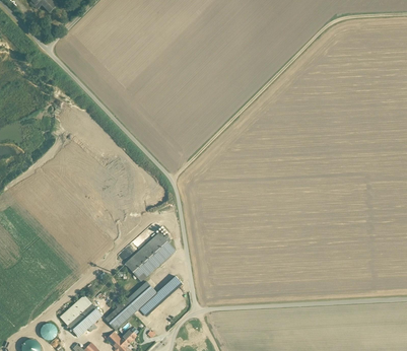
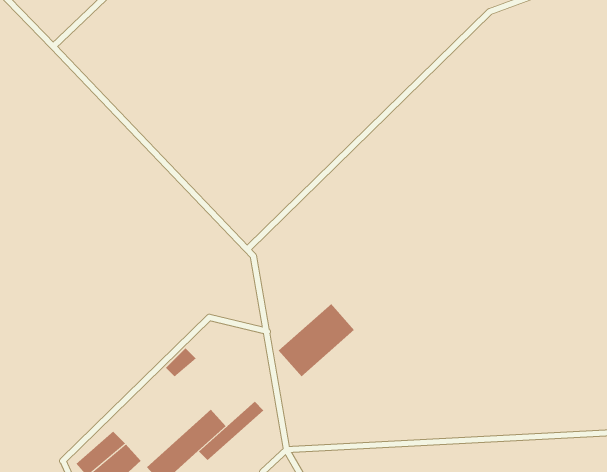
building: [125,232,175,280] -> [278,303,355,377]

